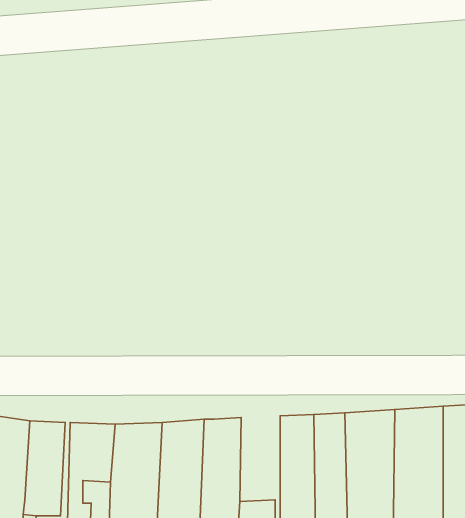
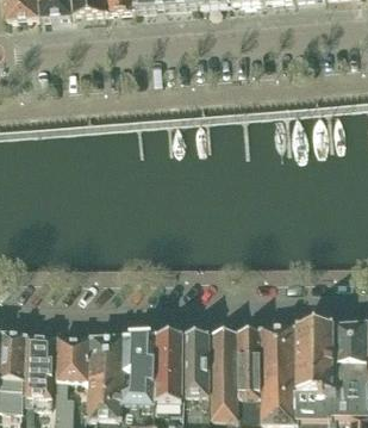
building: none -> [182,329,208,392]

